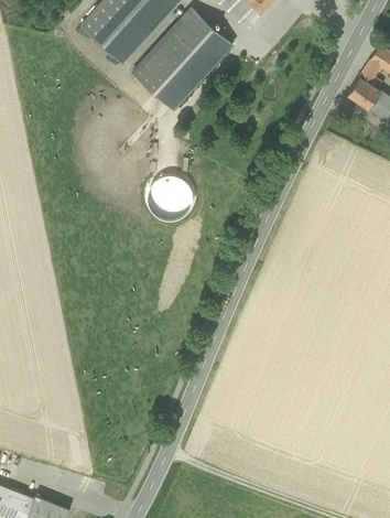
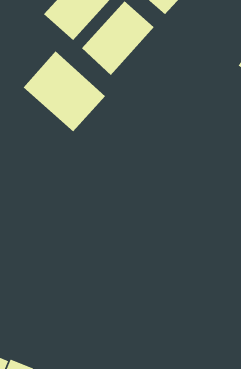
building: none -> [23,50,106,132]

